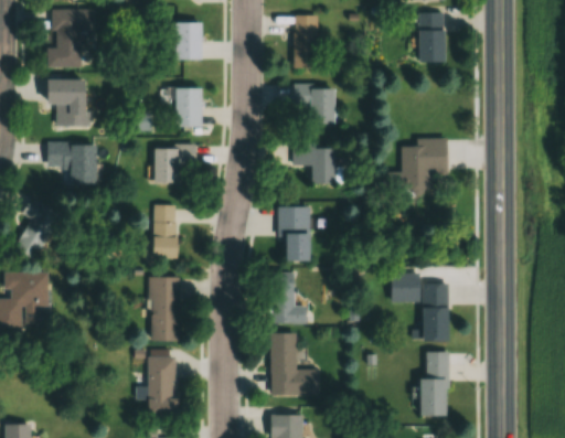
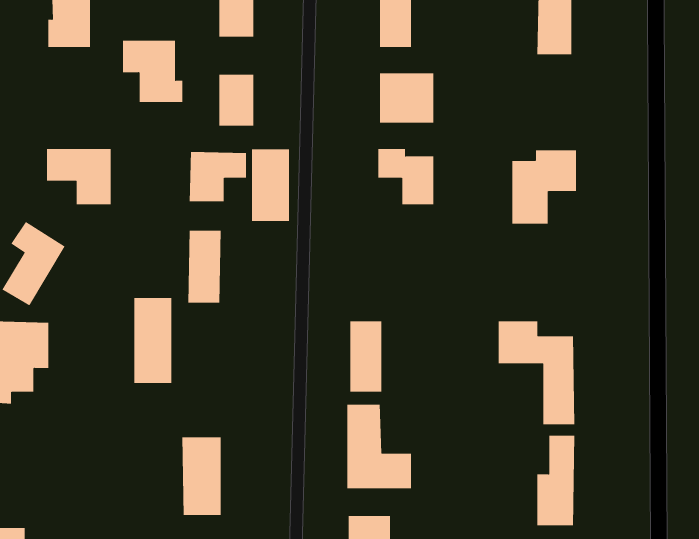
building: [45,79,90,126] -> [122,40,183,102]
building: [280,206,309,260] -> [251,149,290,222]
building: [150,276,179,340] -> [133,297,172,384]

